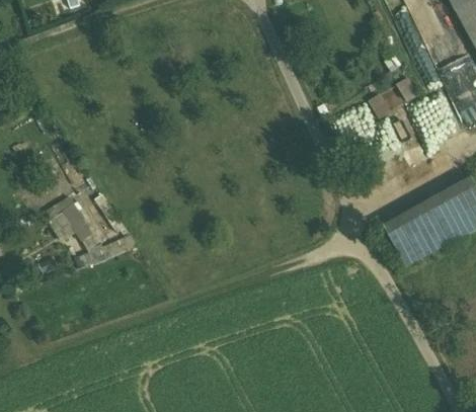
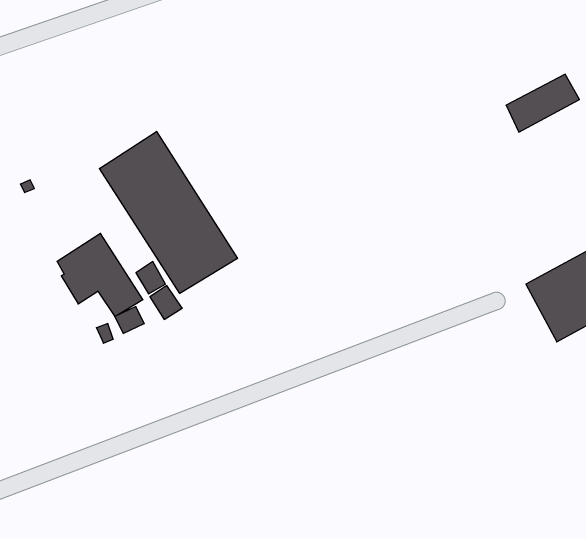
building: none -> [99,131,237,293]

